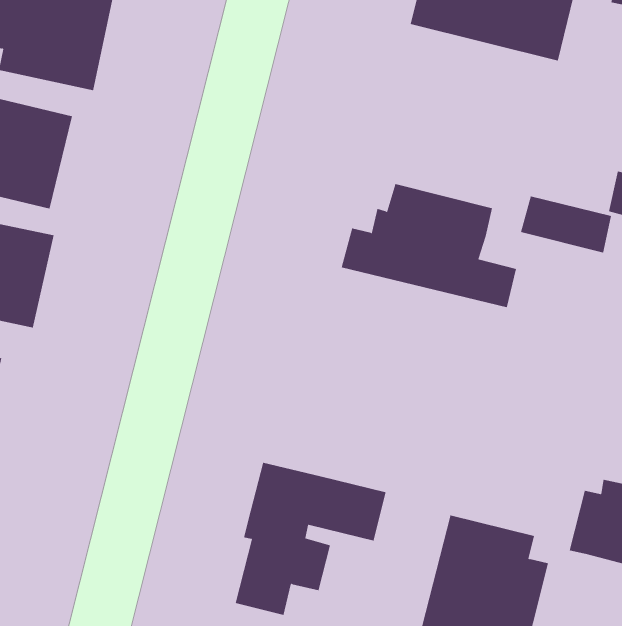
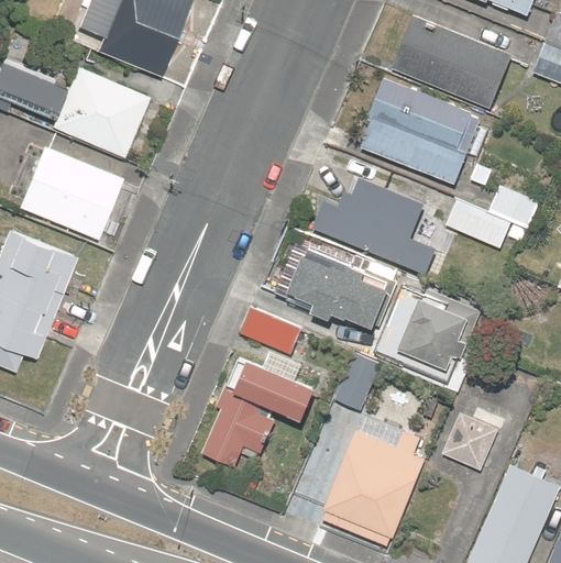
building: none -> [355,77,483,187]
building: none -> [290,247,395,330]
building: none -> [397,288,479,380]
building: none -> [238,306,301,356]
building: none -> [332,350,381,411]

